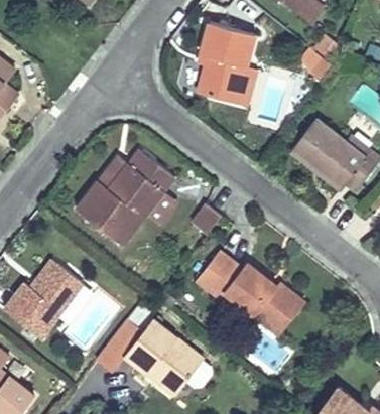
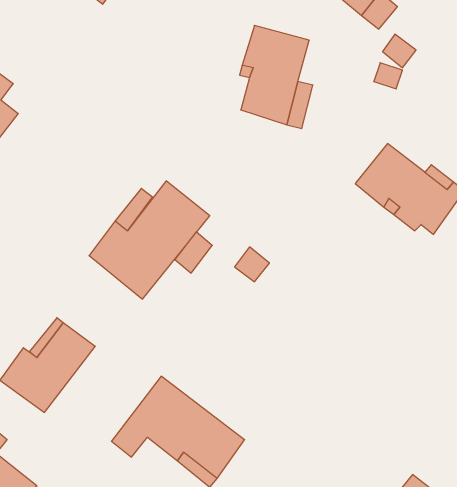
building: [197,252,303,335] -> none

